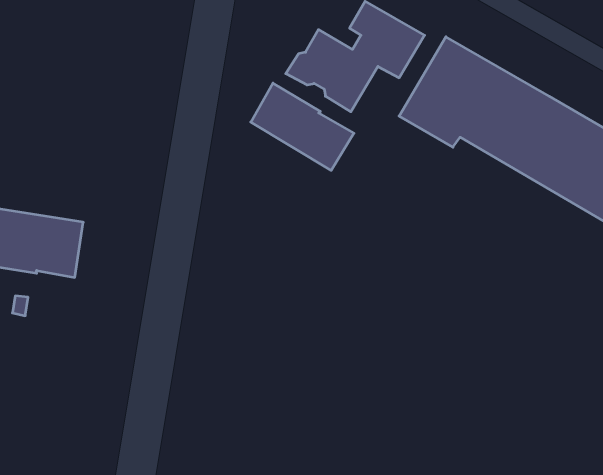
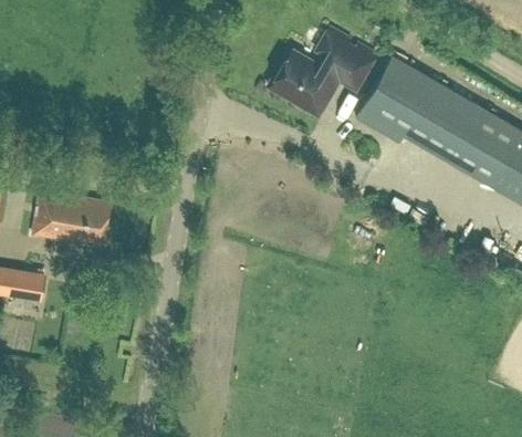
building: [251,83,354,170] -> none

